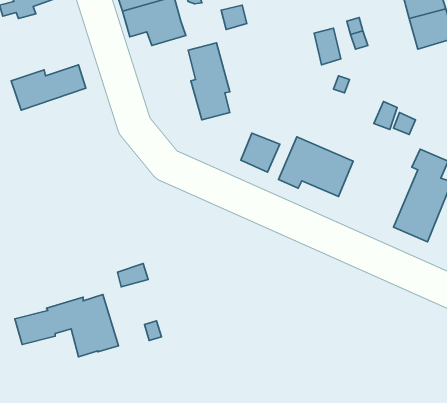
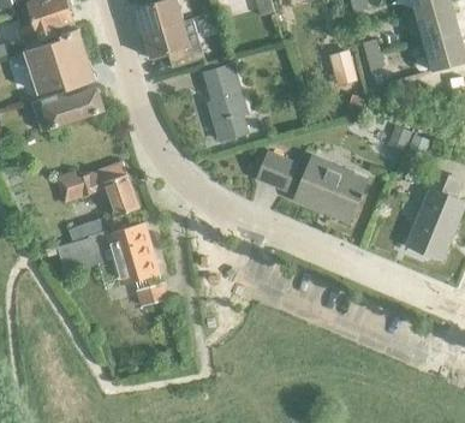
building: none -> [25,28,95,93]
building: none -> [56,161,139,215]
building: [15,295,119,357] -> [56,221,159,282]

